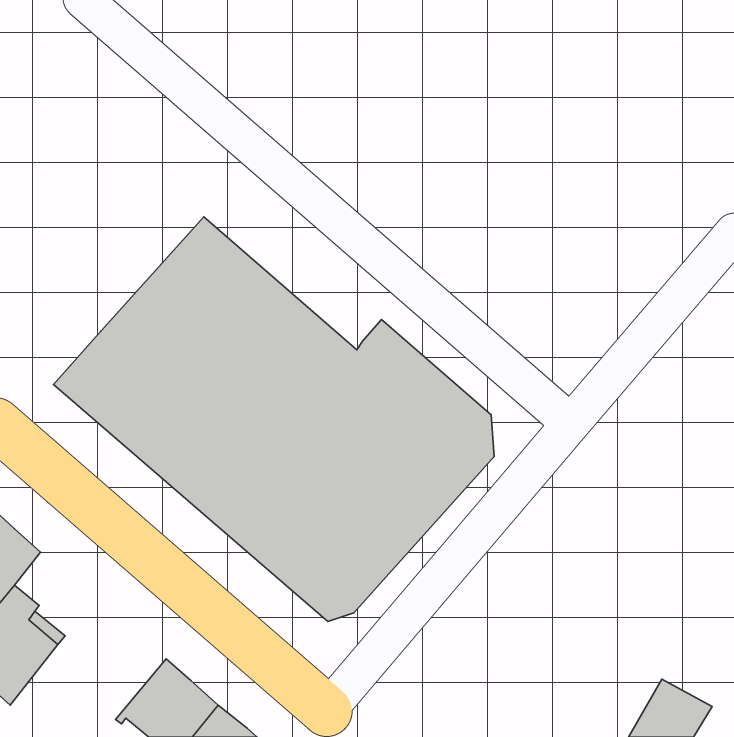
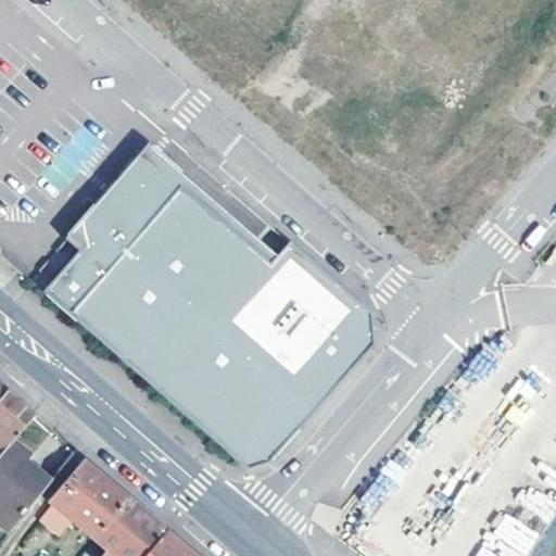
building: none -> [62,143,273,263]
building: none -> [48,458,125,541]

